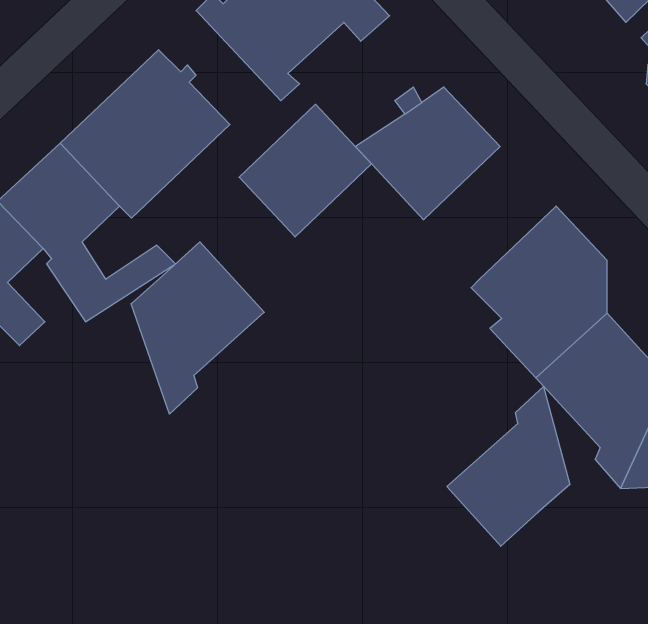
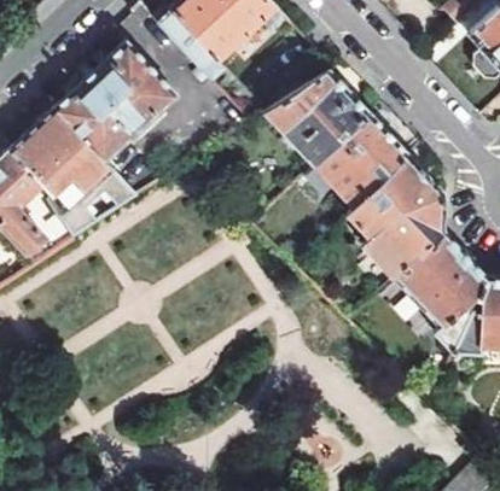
building: [239,104,372,237] -> [312,113,406,207]
building: [131,242,264,414] -> none
building: [447,386,570,546] -> none

